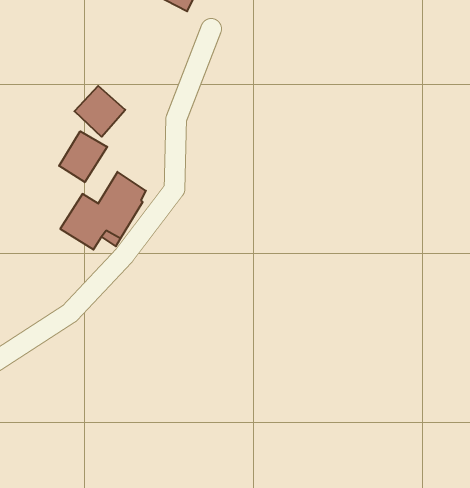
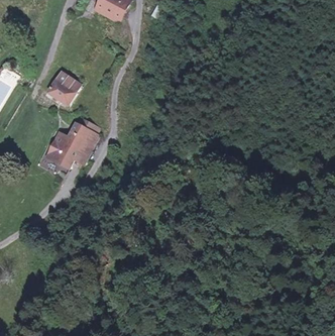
building: [59,131,107,182] -> none

